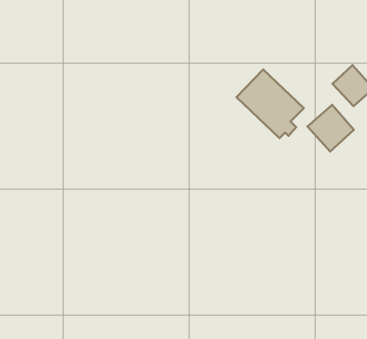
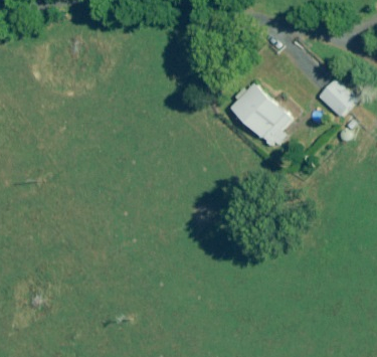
building: [307,105,354,151] -> none

